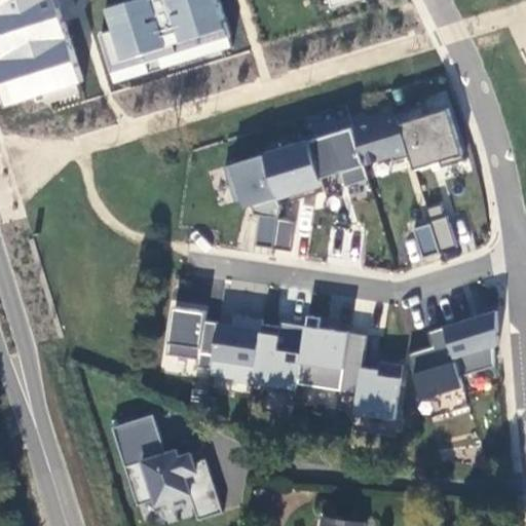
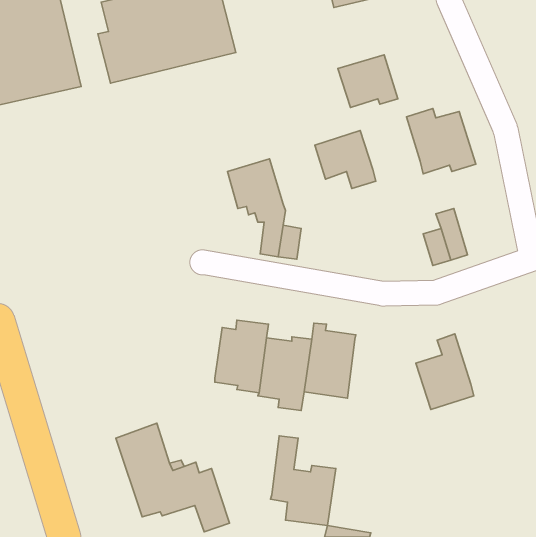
building: [351,114,410,165] -> [338,55,398,107]
building: [263,142,323,199] -> none
building: [165,307,217,369] -> none
building: [443,307,497,375] -> none
building: [338,331,402,418] -> [271,436,336,525]

